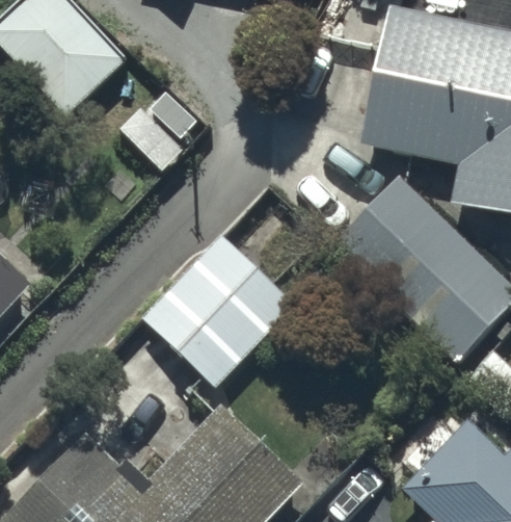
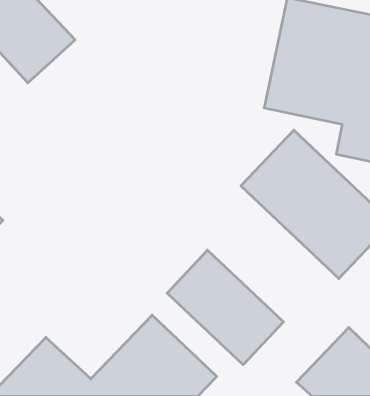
building: [141,234,293,387] -> none
building: none -> [167,250,283,365]

